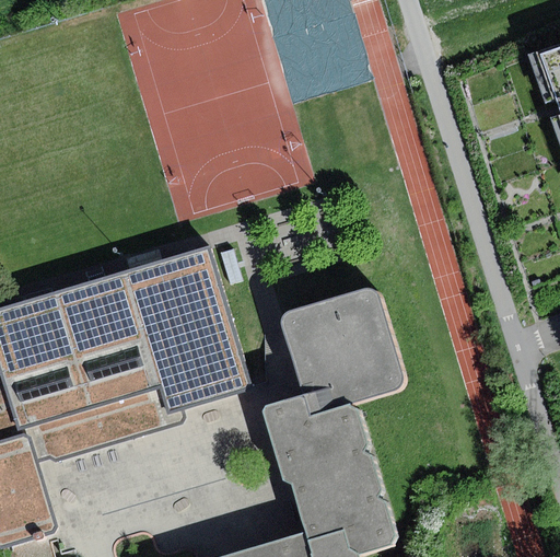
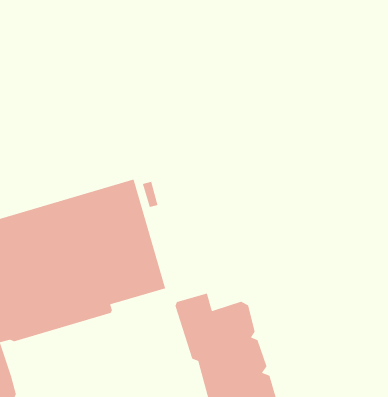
building: [280,289,401,417] -> none

